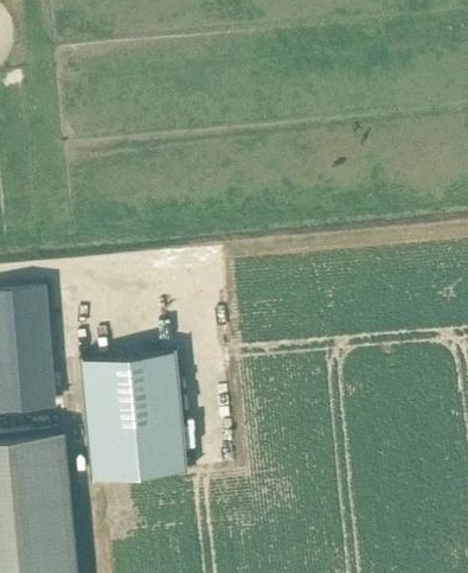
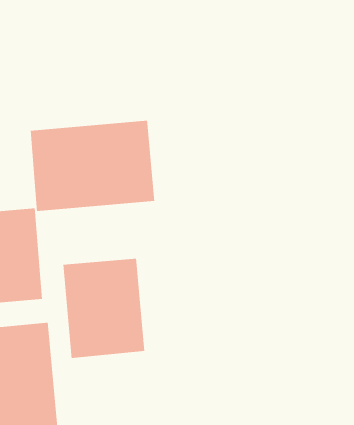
building: none -> [30,120,155,212]

